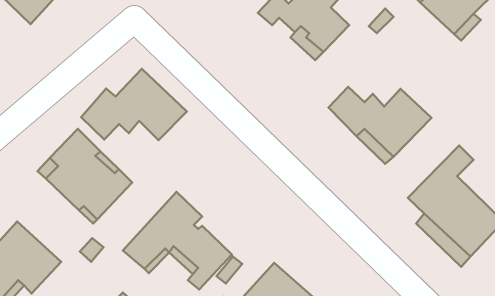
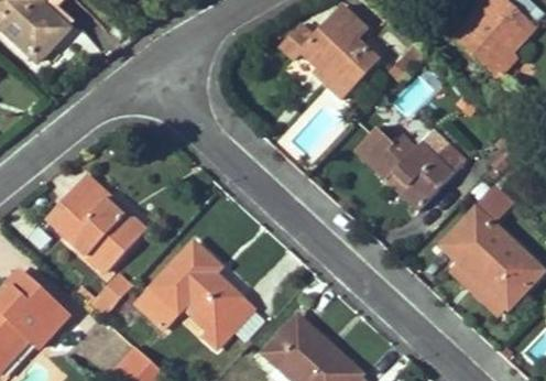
building: [81,69,187,140] -> none

